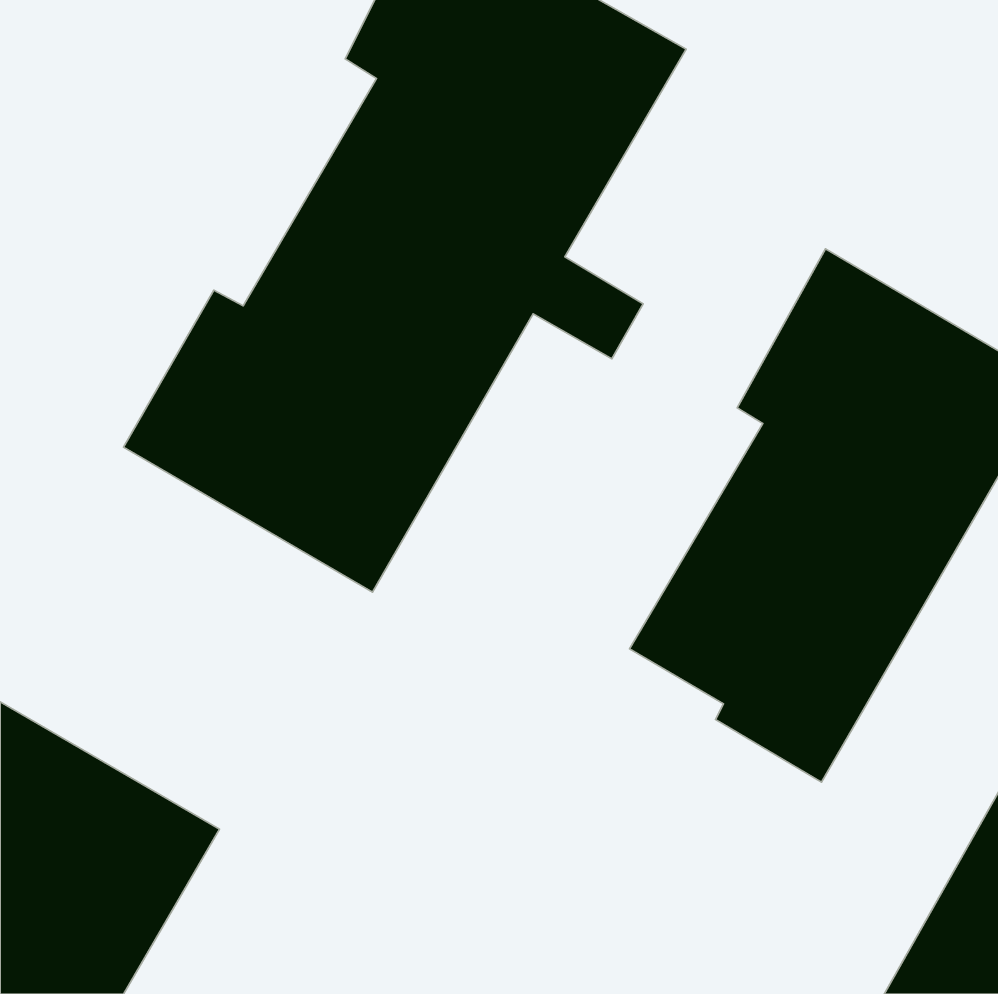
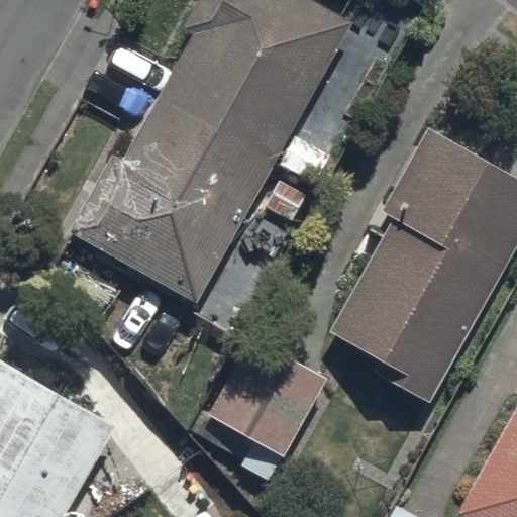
building: none -> [206,338,326,480]

